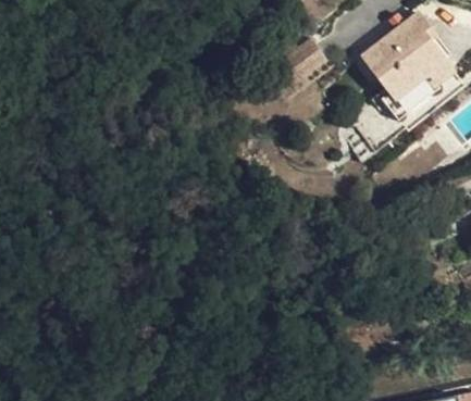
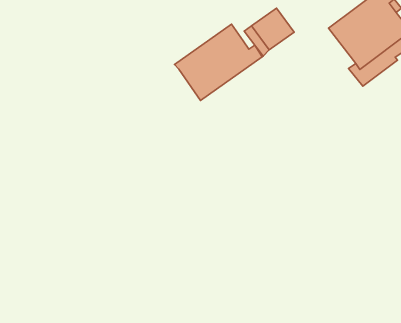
building: none -> [175,24,262,101]

